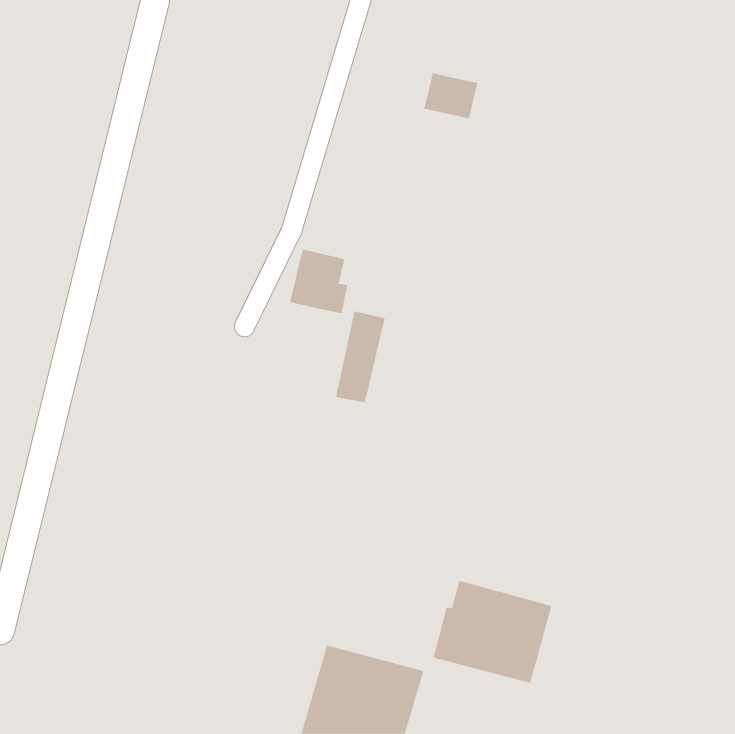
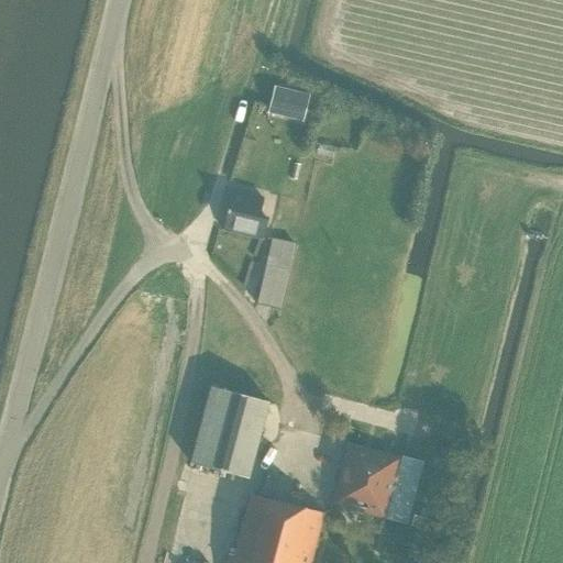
building: [424,73,478,119] -> [267,86,309,121]
building: none -> [189,386,267,478]

